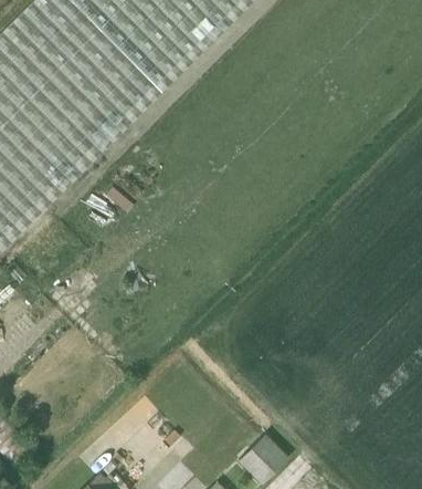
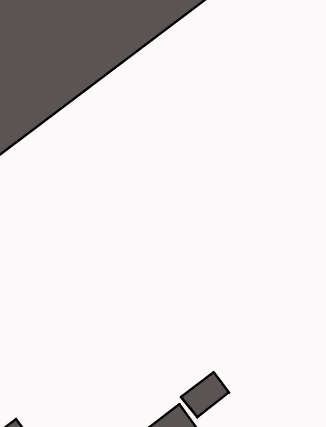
building: none -> [181,372,229,417]

